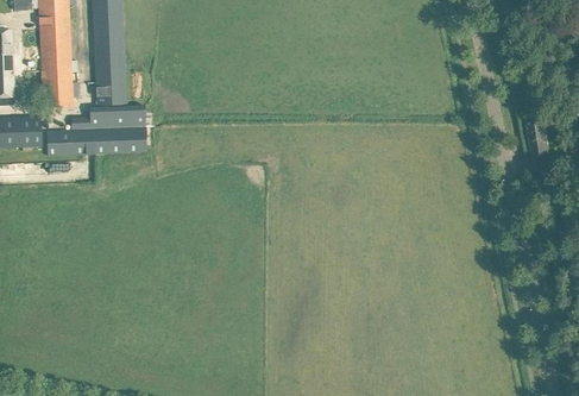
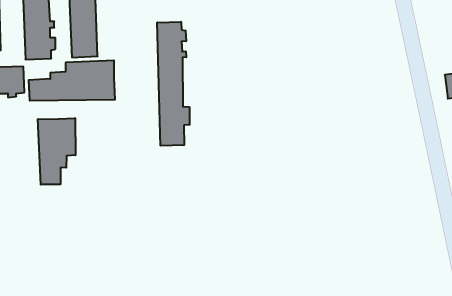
building: none -> [157,22,190,146]
building: none -> [38,118,75,185]

